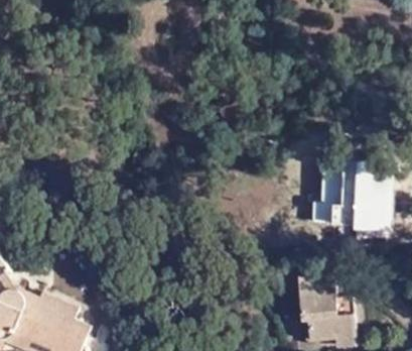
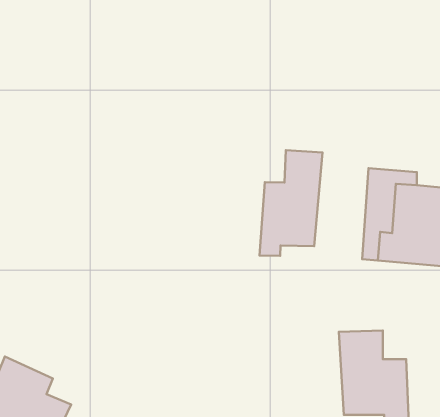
building: none -> [260,150,323,256]

